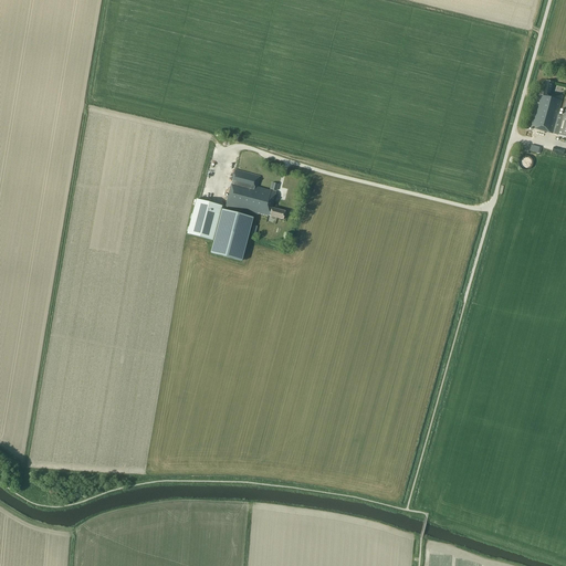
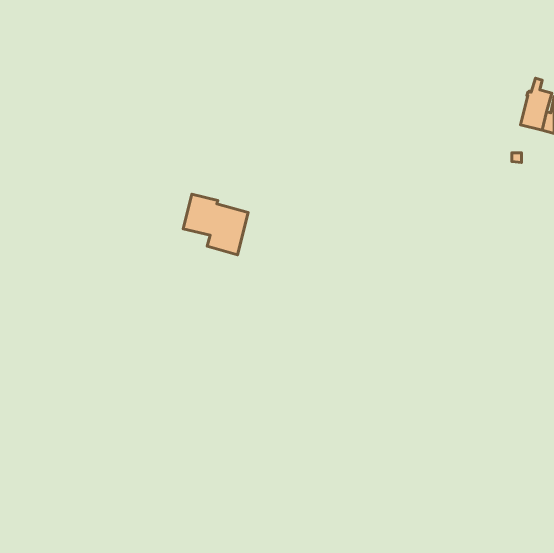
building: [226,169,285,219] -> none

